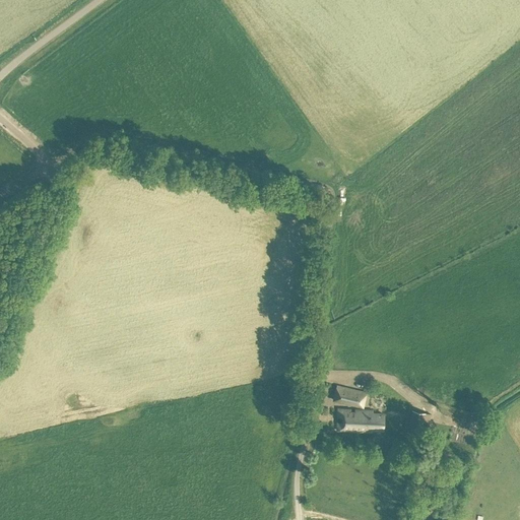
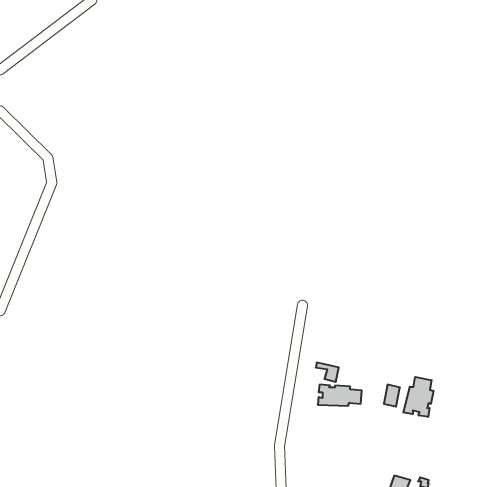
building: none -> [403,377,433,417]

